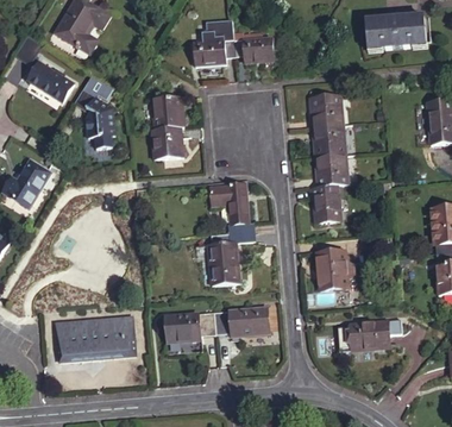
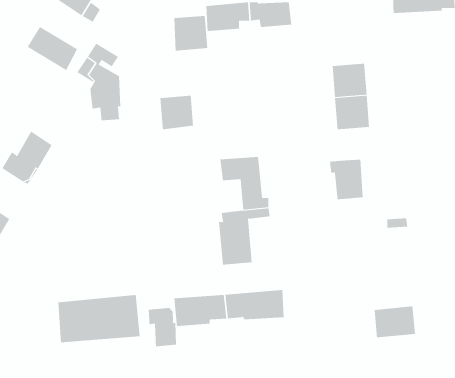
building: [150,94,182,127] -> [174,15,208,51]
building: [315,155,349,186] -> none
building: [314,251,350,290] -> none
building: none -> [148,307,177,347]

